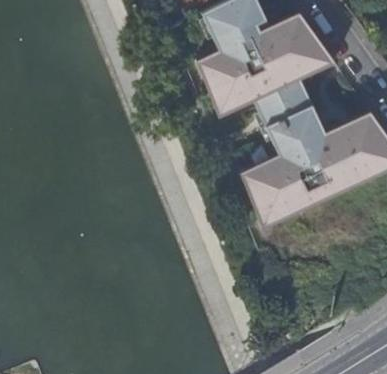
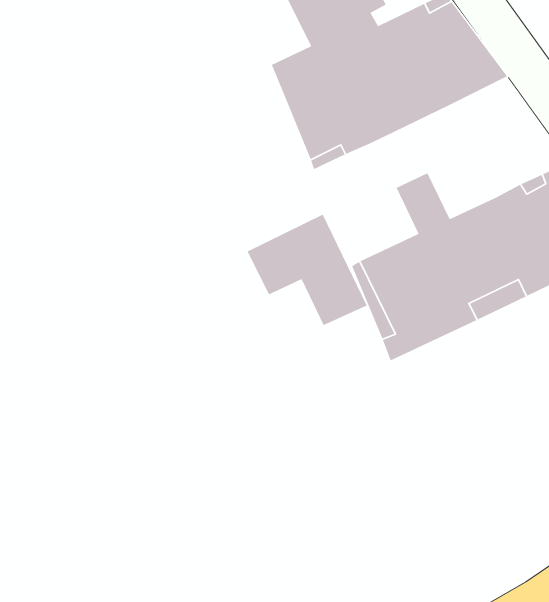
building: [255,78,326,144] -> [246,213,368,326]

